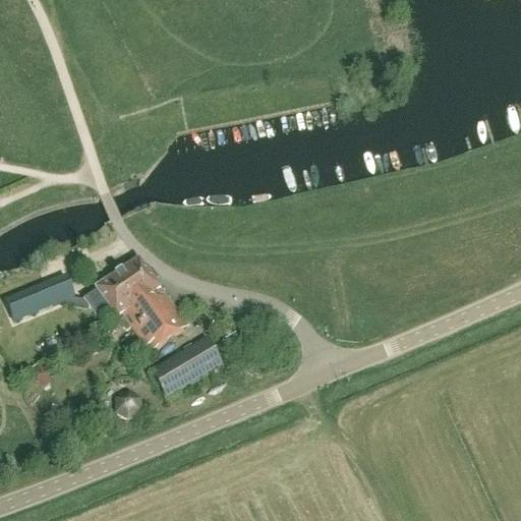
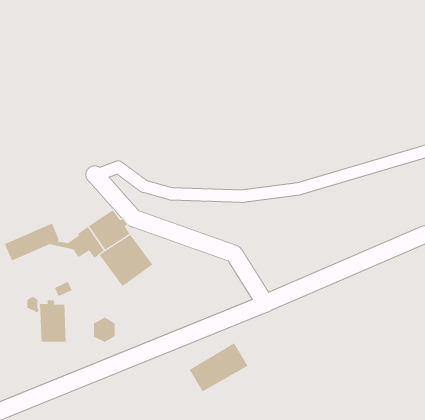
building: [150,336,223,397] -> [189,342,249,392]
building: none -> [40,299,66,343]

